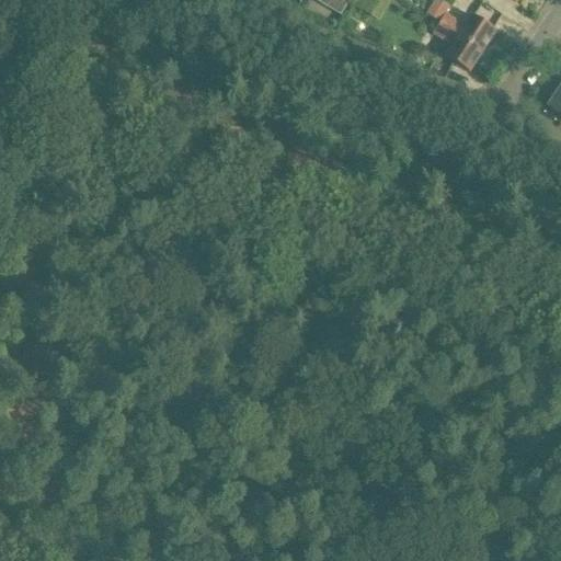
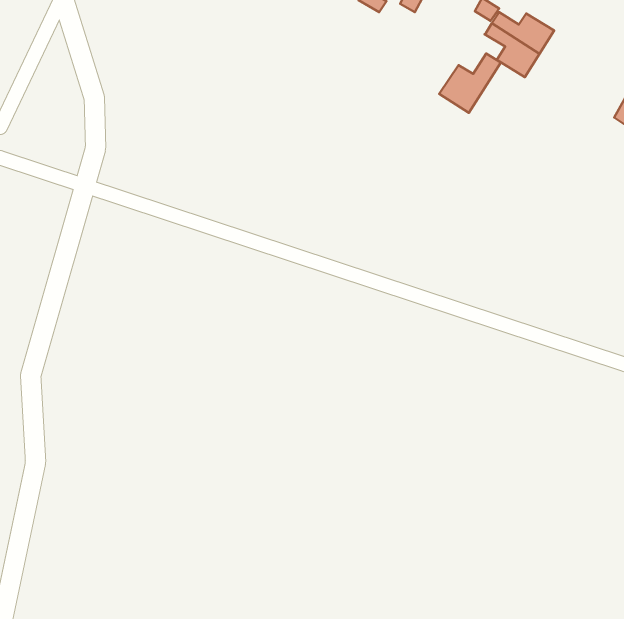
building: none -> [439,54,501,113]

